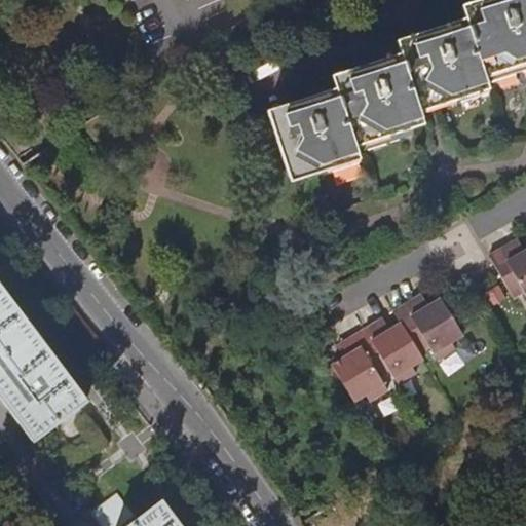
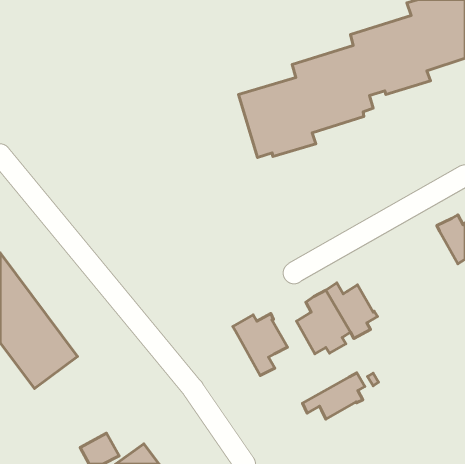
building: [397,297,465,360] -> none
building: none -> [233,313,288,375]
building: none -> [303,373,365,419]

